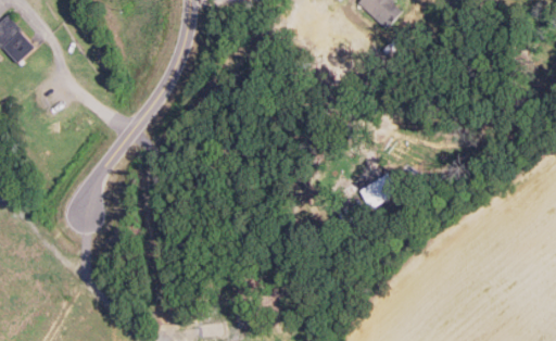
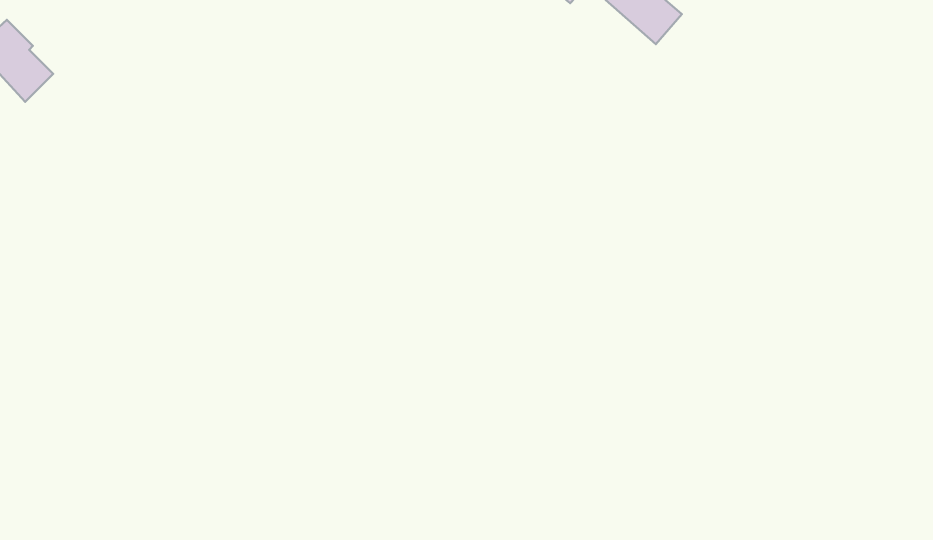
building: [353,177,393,214] -> none

